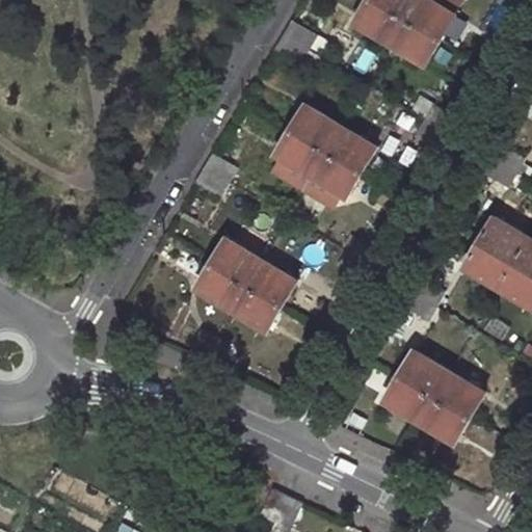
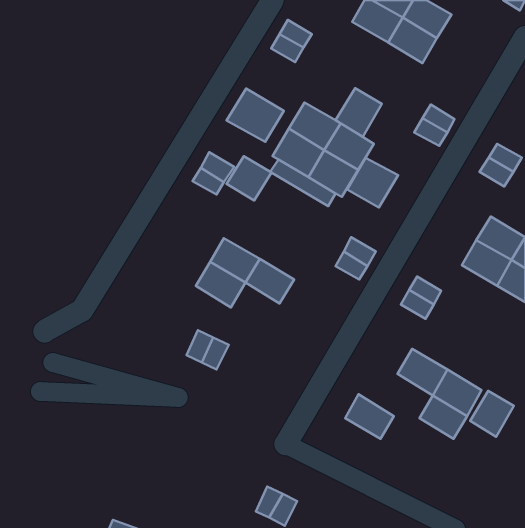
building: none -> [336,88,382,137]
building: none -> [226,89,284,142]
building: none -> [226,156,272,200]
building: none -> [347,158,398,208]
building: [232,285,281,330] -> none
building: [385,376,434,421] -> [345,394,394,439]
building: none -> [470,391,514,437]

